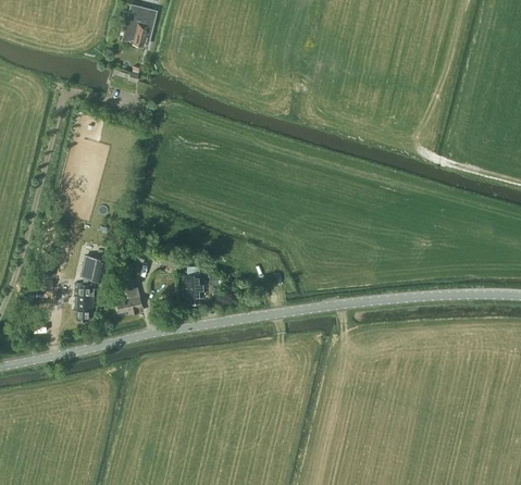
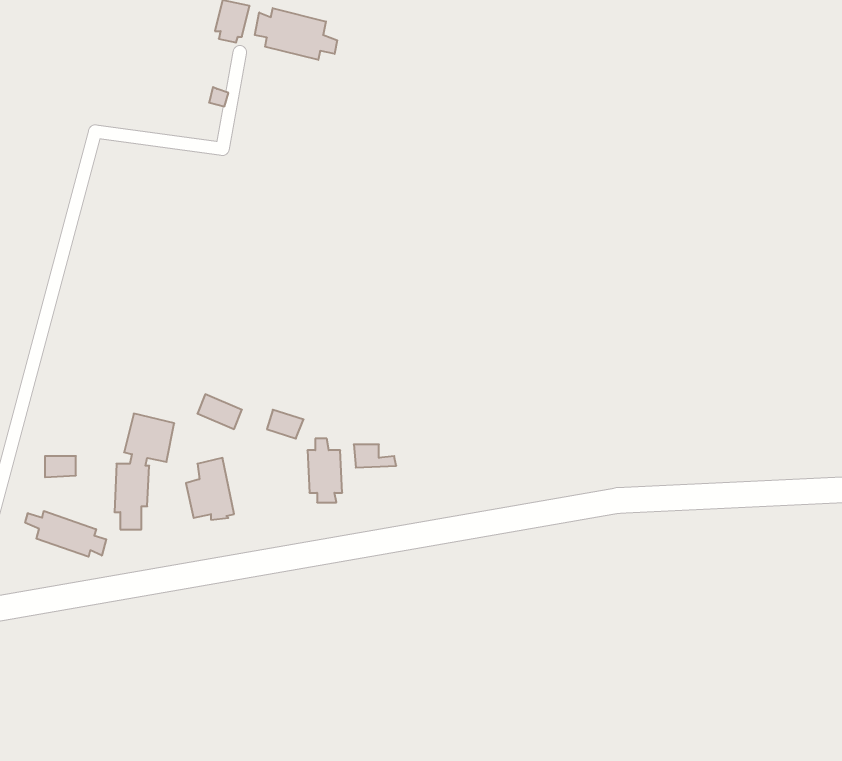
building: none -> [255,8,337,60]
building: none -> [25,511,106,557]

